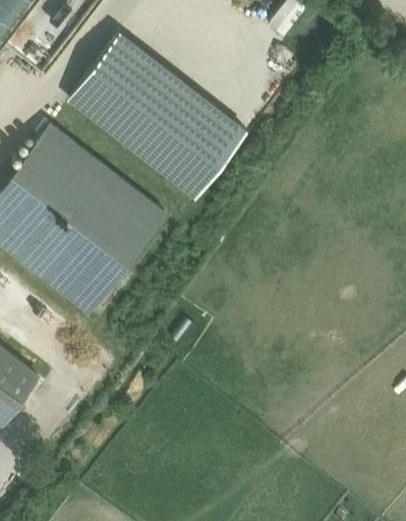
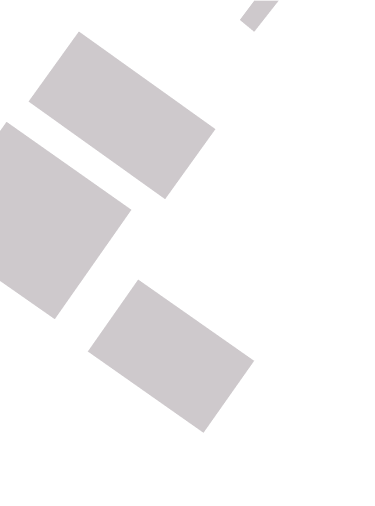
building: none -> [87,278,255,434]

